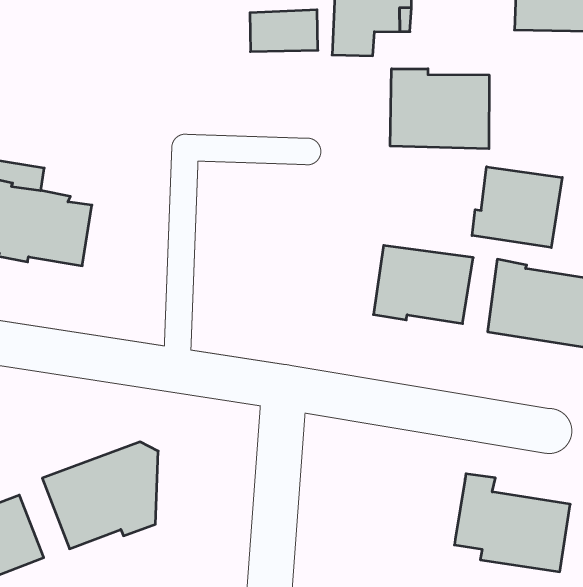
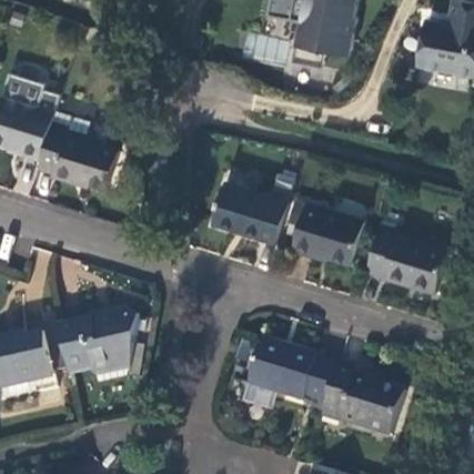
building: [390,69,489,149] -> none
building: [472,167,562,248] -> none
building: none -> [212,180,291,243]
building: none -> [250,337,339,403]

